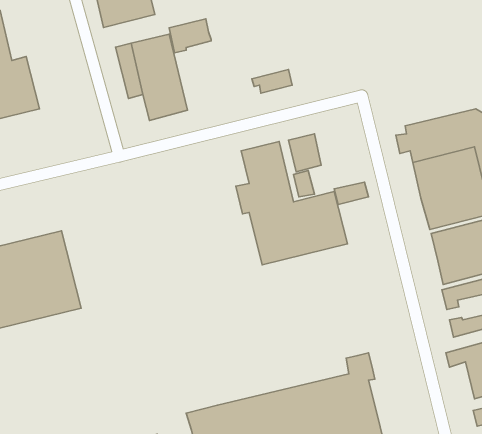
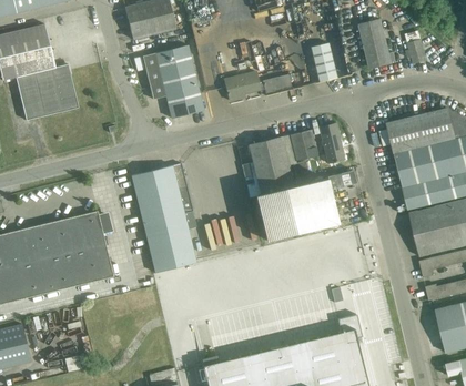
building: none -> [359,21,392,69]
building: none -> [405,31,426,64]
building: [169,19,211,53] -> [224,72,260,101]
building: none -> [311,44,336,82]
building: none -> [318,124,344,164]
building: none -> [131,163,196,273]

